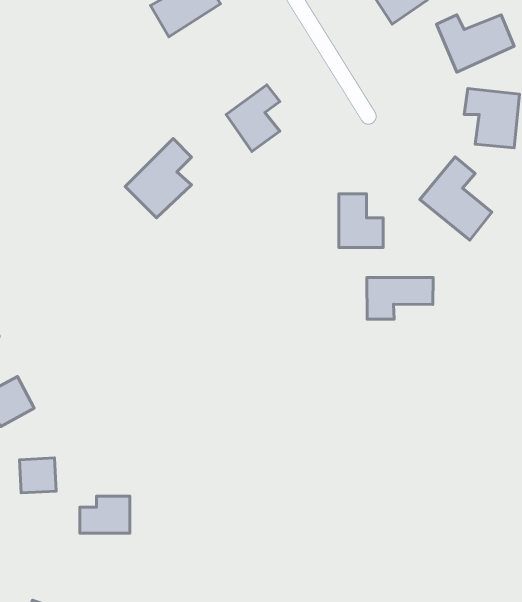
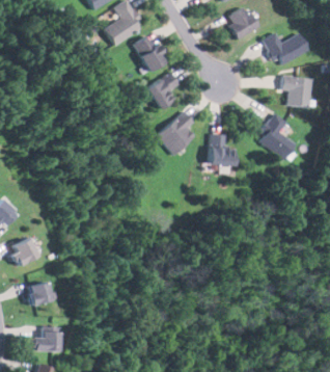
building: none -> [134,34,167,71]
building: [125,139,192,218] -> [157,110,194,155]
building: [367,278,433,319] -> none
building: [80,496,130,533] -> [32,330,60,351]

